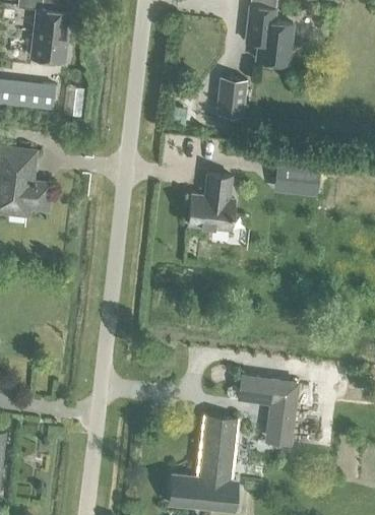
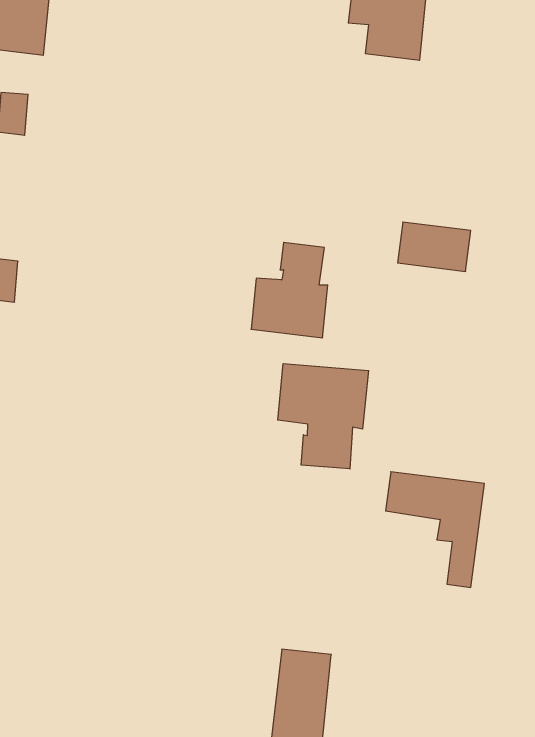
building: [218,78,247,117] -> none
building: none -> [278,364,369,469]
building: [239,376,298,445] -> [386,472,484,587]

